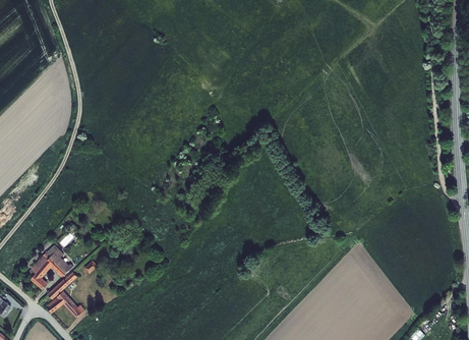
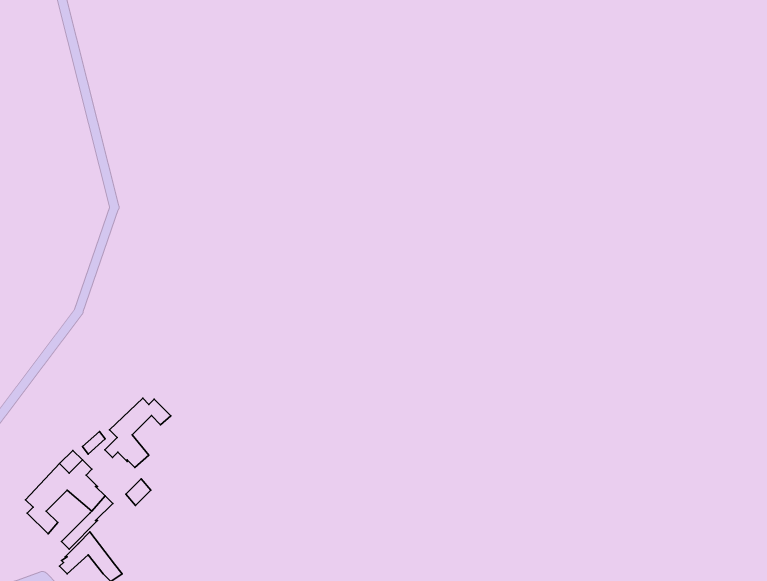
building: none -> [105,398,171,467]

